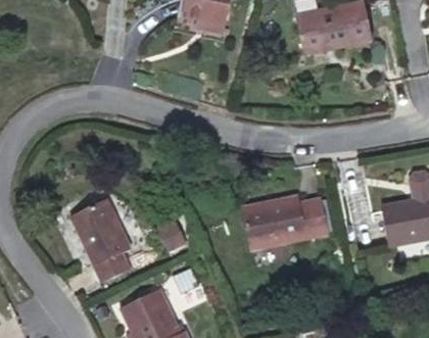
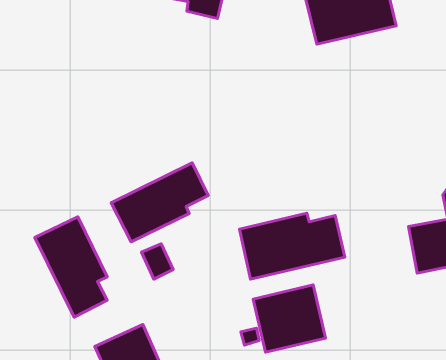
building: none -> [111,163,208,242]
building: none -> [253,285,325,352]

